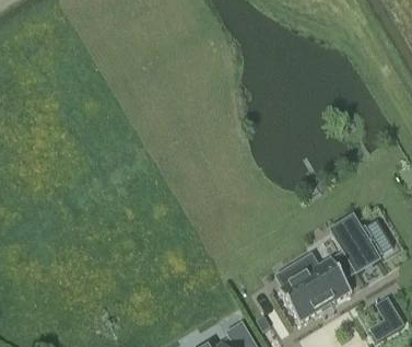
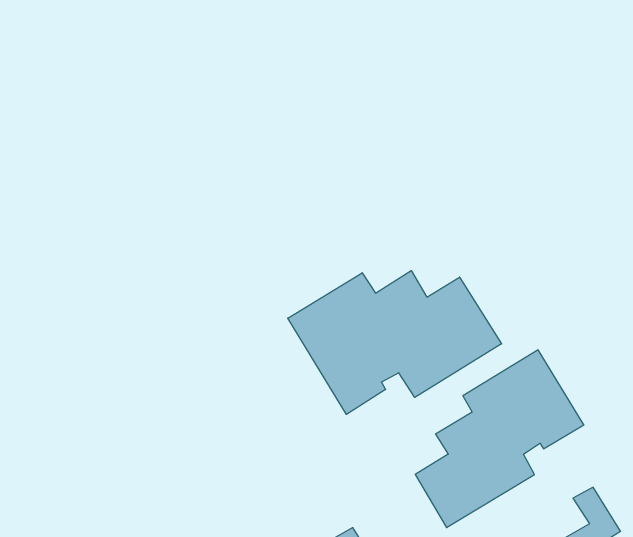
building: none -> [288,271,502,414]

